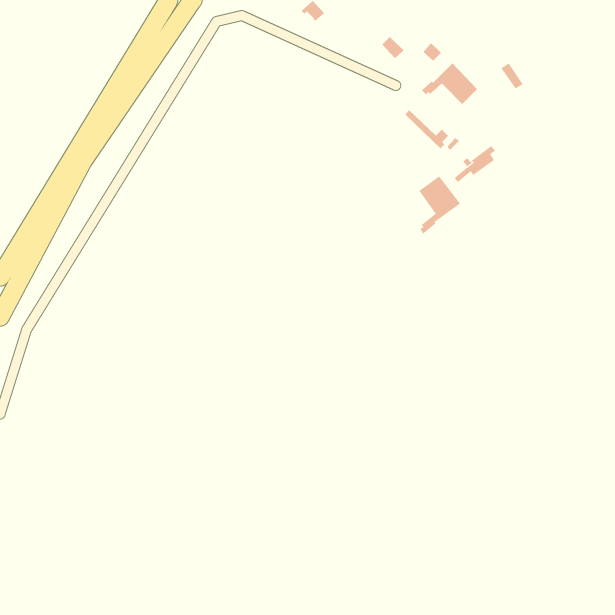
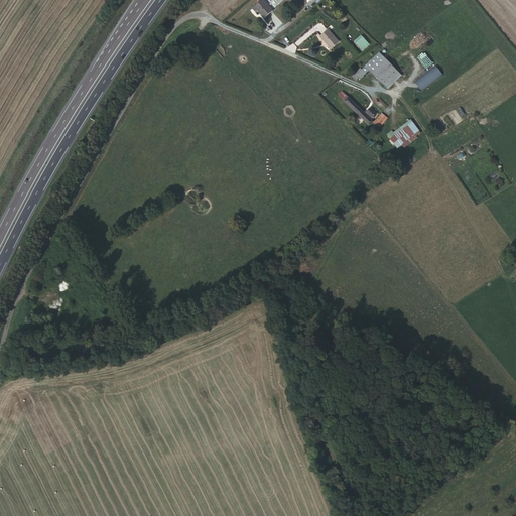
building: [418,175,461,234] -> none

